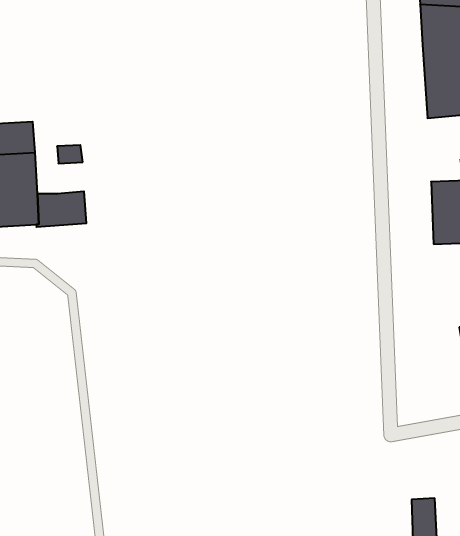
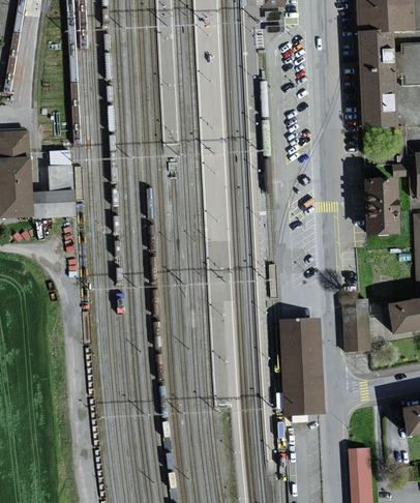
building: none -> [49,164,73,190]
building: none -> [341,299,372,350]
building: none -> [287,320,316,411]

